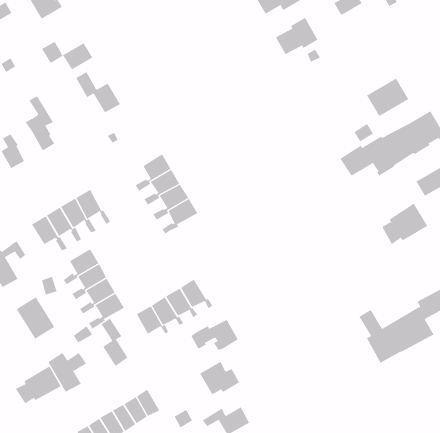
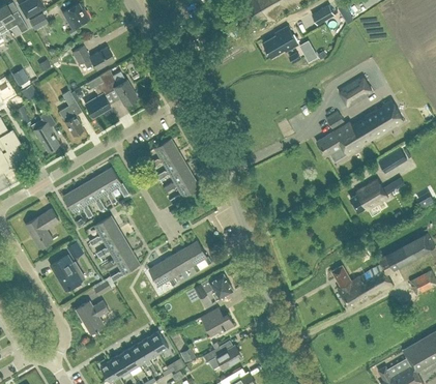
building: none -> [84,77,110,118]
building: [101,318,128,367] -> none
building: [15,366,62,404] -> none

